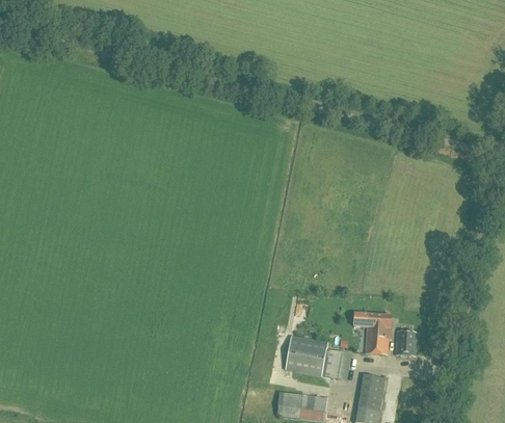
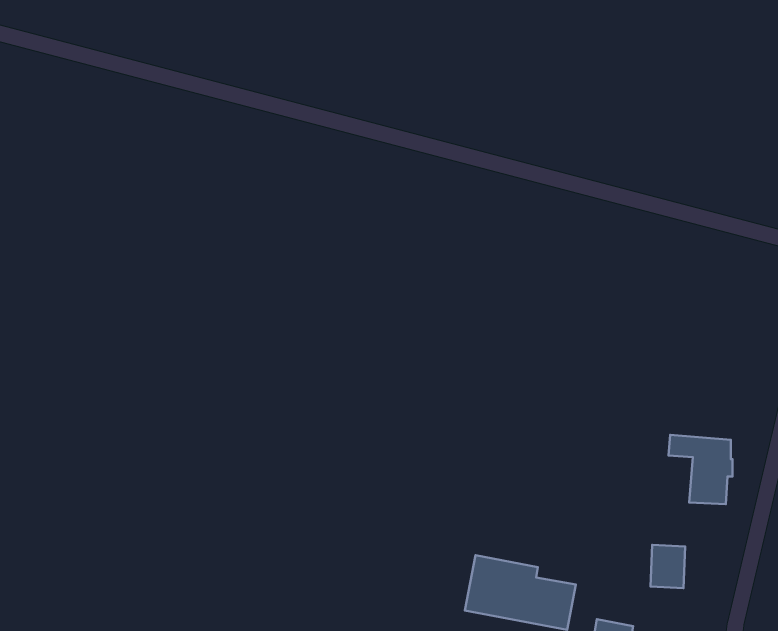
building: [353,313,392,354] -> [668,435,733,504]

